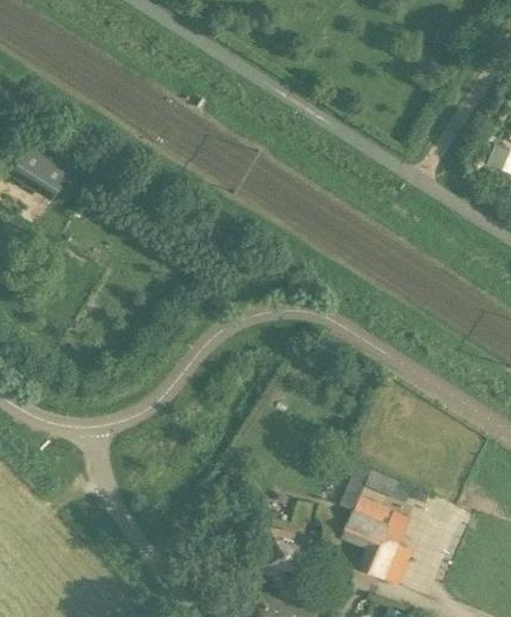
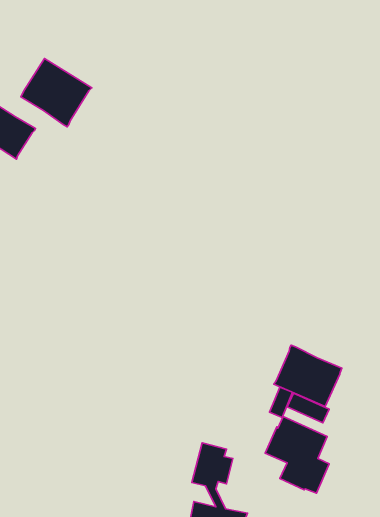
building: none -> [21,58,92,127]
building: none -> [274,345,342,407]

